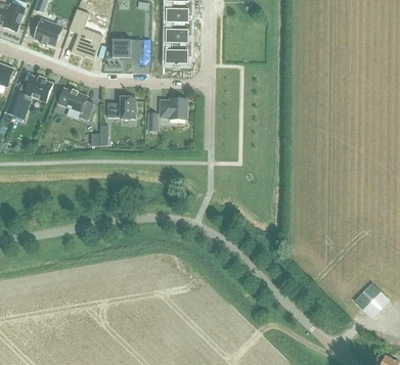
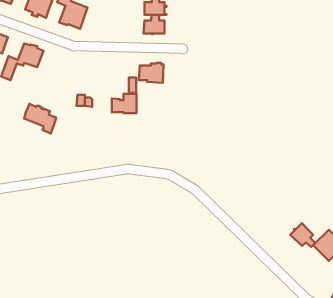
building: [112,39,144,60] -> none
building: [58,88,94,121] -> [24,104,56,133]
building: [107,97,135,119] -> [112,94,136,113]
building: none -> [290,223,315,247]

